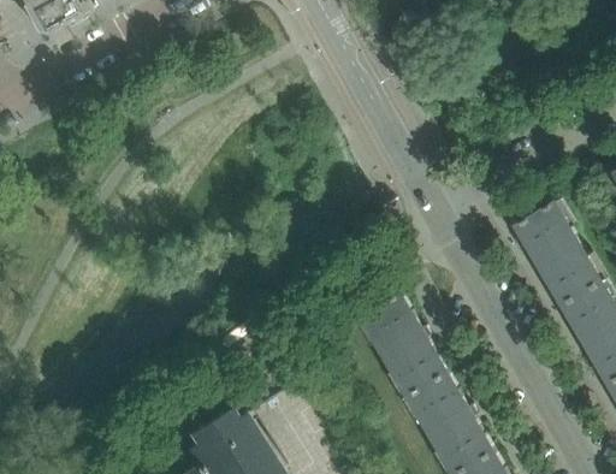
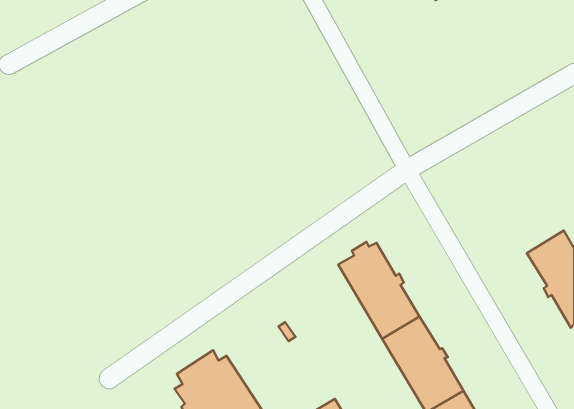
building: [517,203,603,306] -> none

